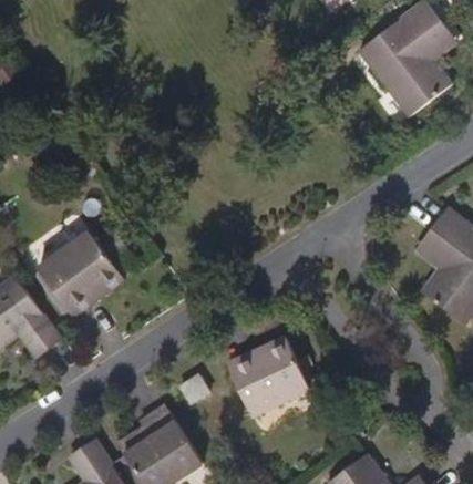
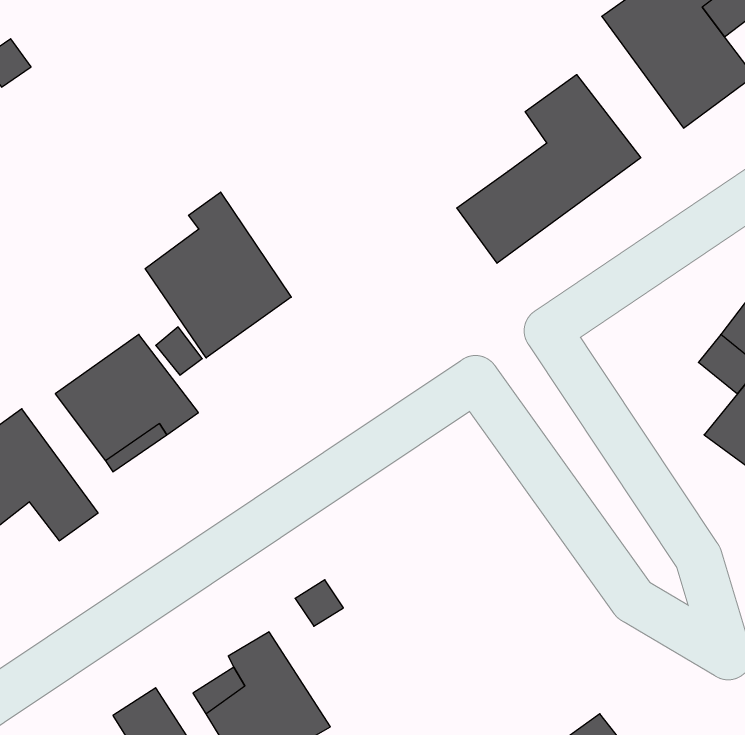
building: none -> [457,75,641,263]
building: none -> [145,192,291,358]
building: [226,342,306,419] -> none

